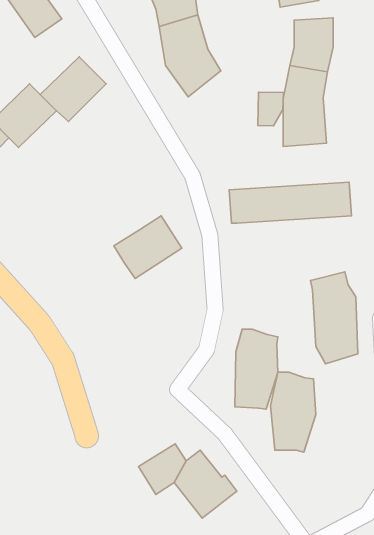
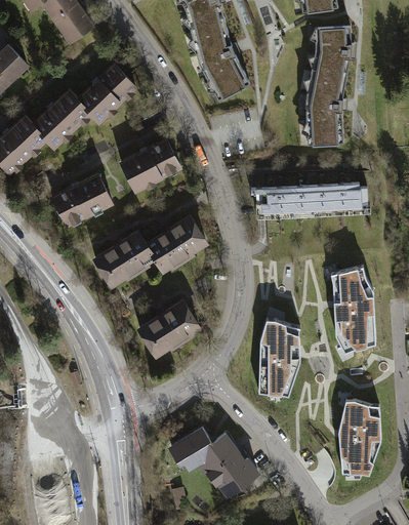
building: [258,92,284,126] -> none
building: none -> [119,136,182,193]
building: none -> [50,172,113,229]
building: none -> [89,228,155,288]
building: none -> [135,296,203,357]
building: [270,372,316,452] -> [338,401,381,477]

